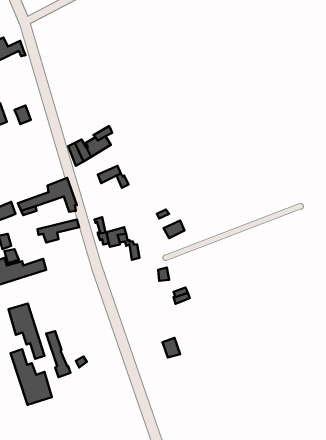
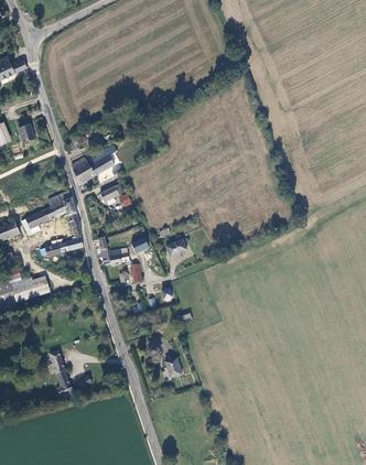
building: [8,303,45,359] -> none
building: [10,349,52,405] -> none

